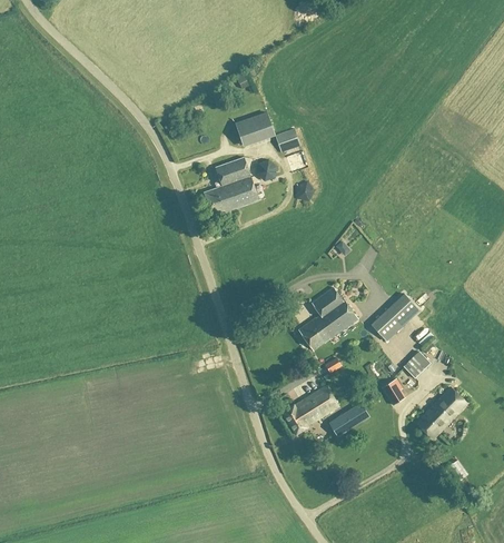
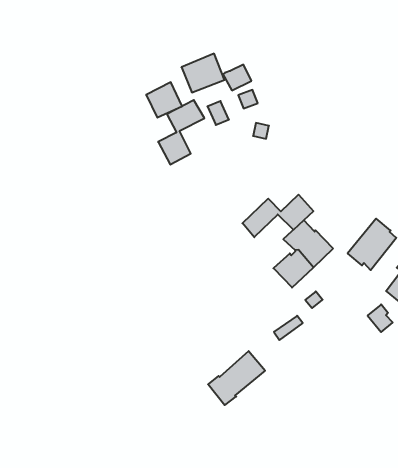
building: [226,175,259,207] -> [146,82,182,118]
building: none -> [242,195,313,237]
building: [283,384,339,433] -> [208,351,265,405]
building: [336,403,369,432] -> none

